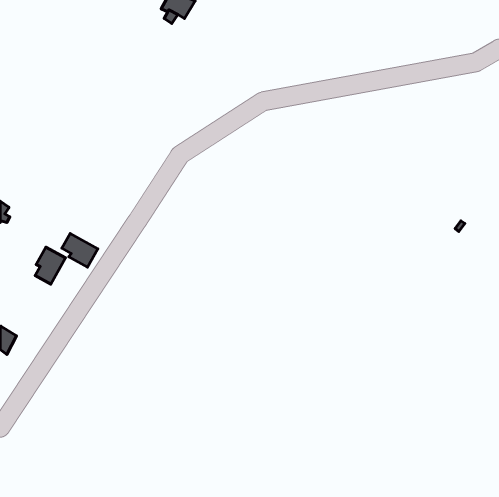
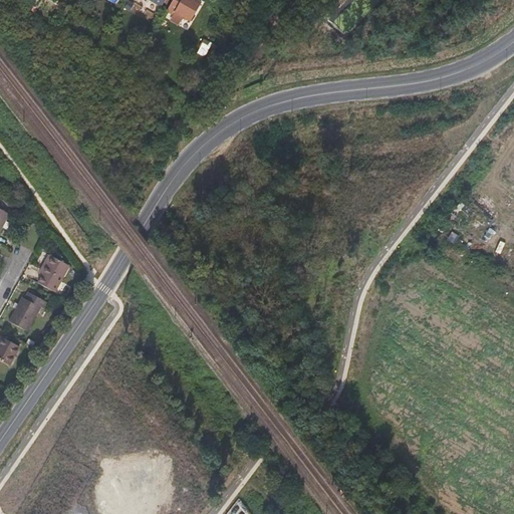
building: [62,233,98,267] -> none
building: none -> [8,291,47,330]

